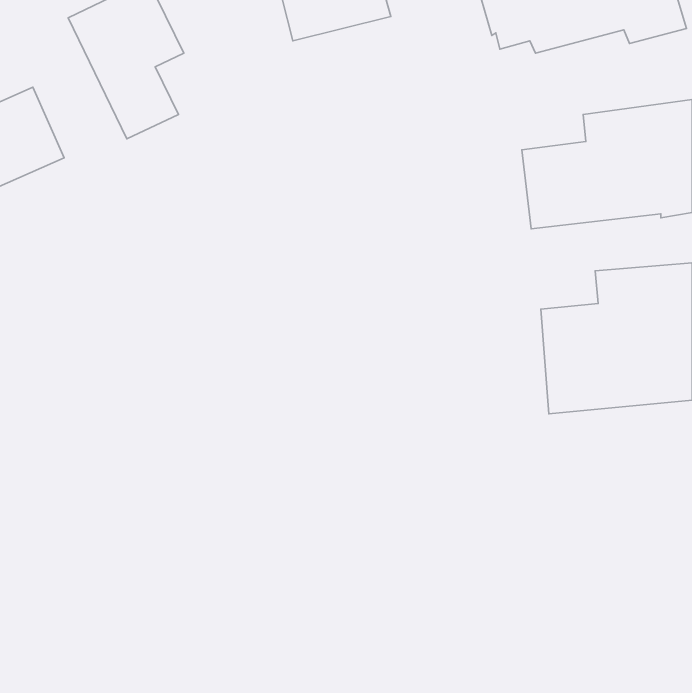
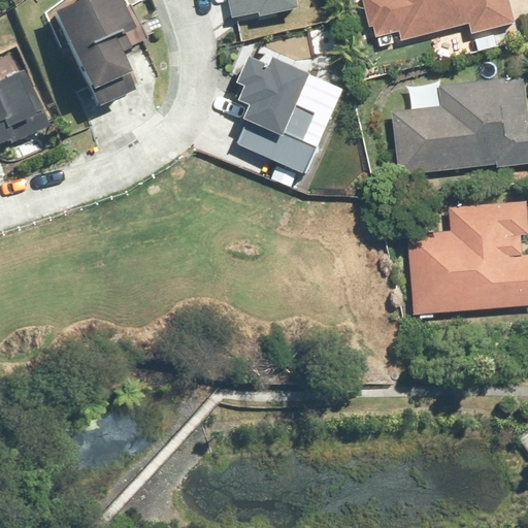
building: none -> [223,48,348,176]

